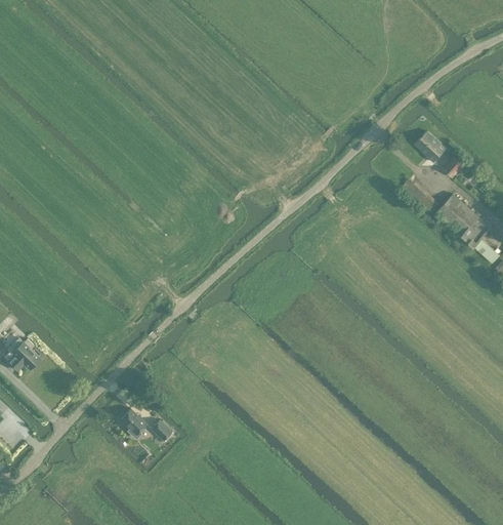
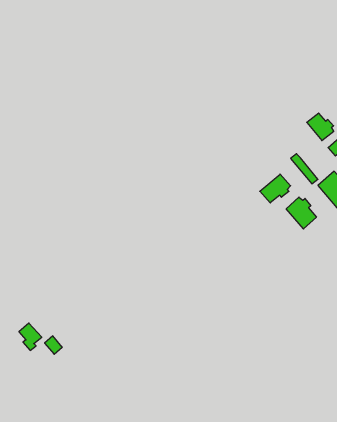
building: none -> [260,174,291,203]
building: none -> [286,197,316,229]

